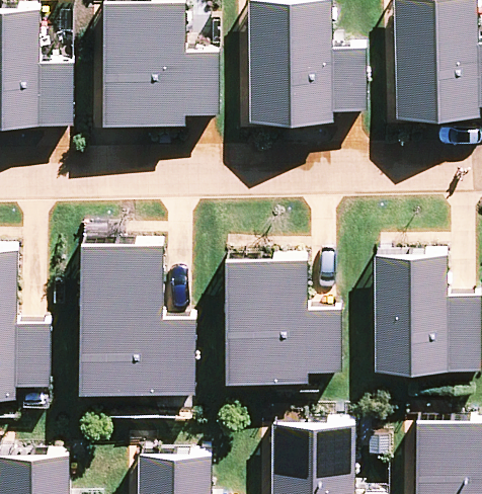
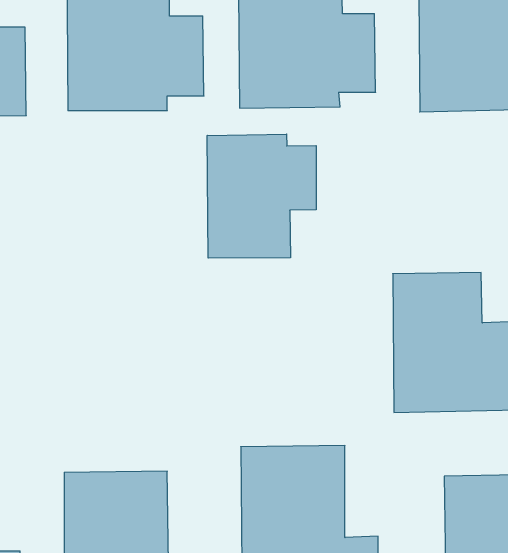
building: none -> [207,134,316,258]
building: [82,249,188,398] -> none
building: [228,262,341,389] -> none

